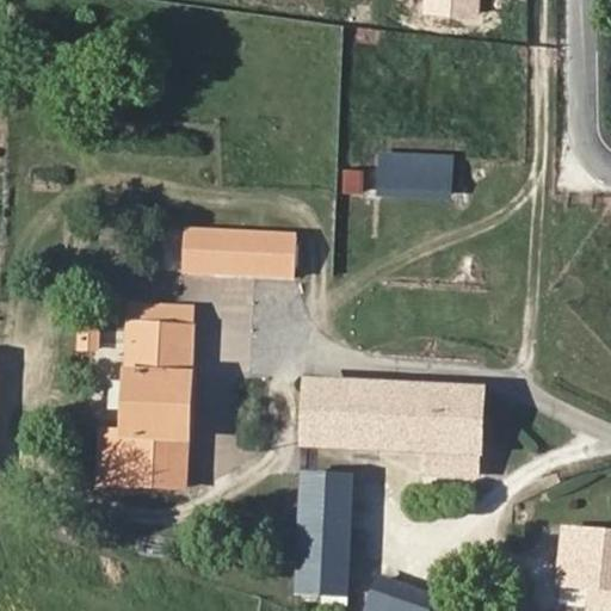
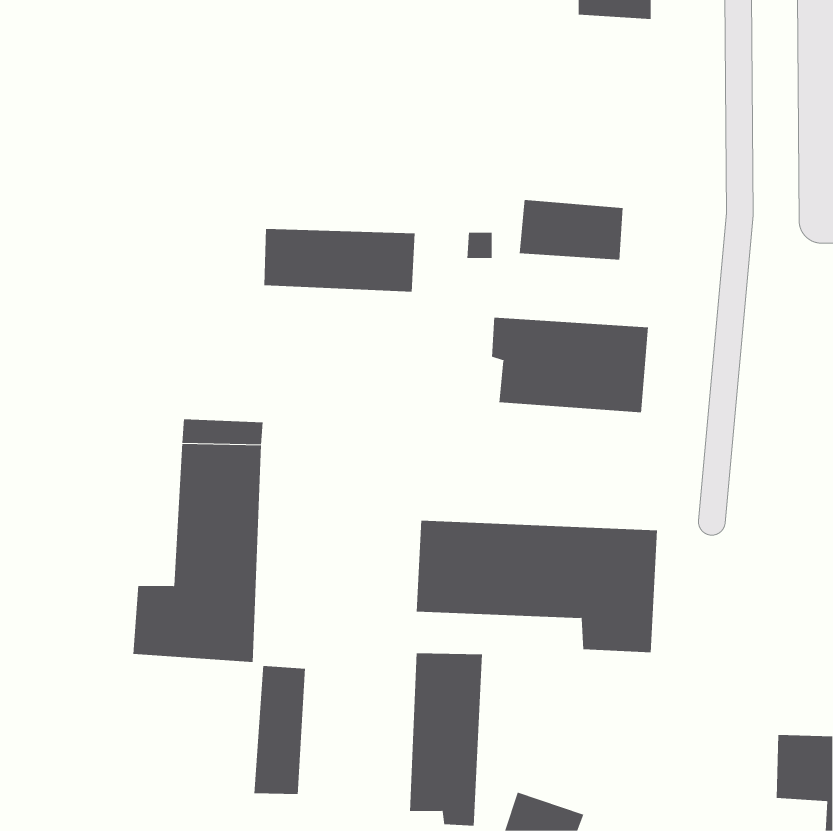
building: [185,230,296,277] -> [263,228,416,292]
building: none -> [491,317,648,413]
building: none -> [254,665,305,795]

